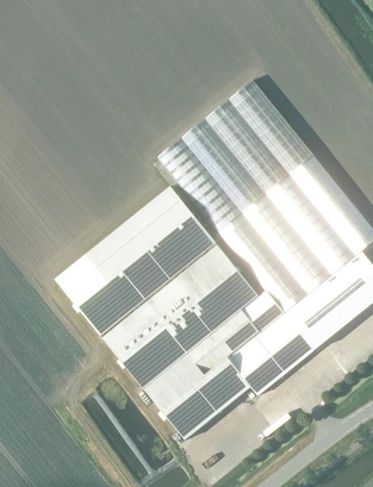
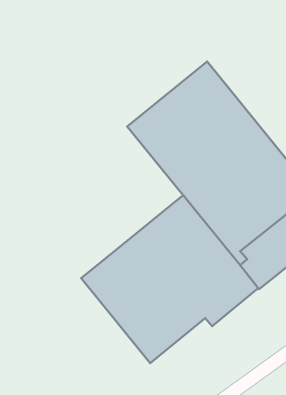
building: [55,186,217,336] -> none

